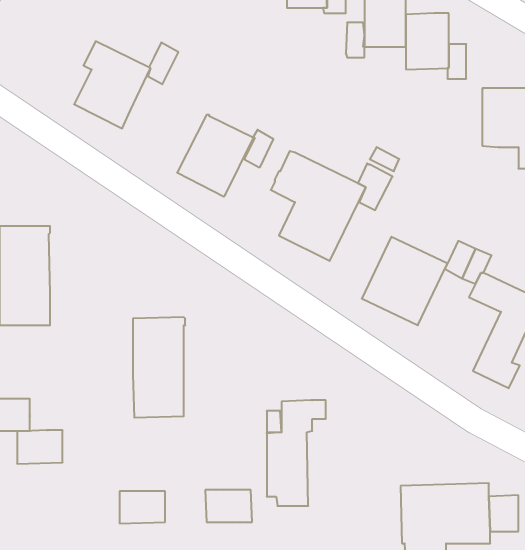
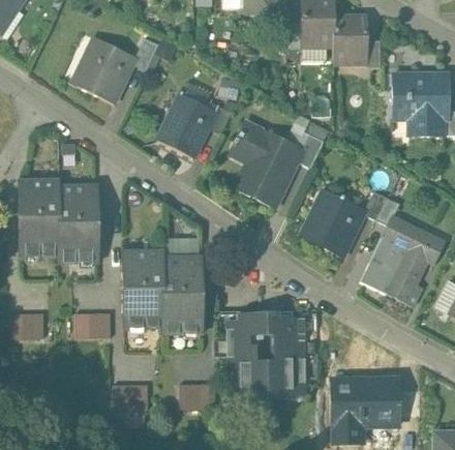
building: none -> [58,185,98,263]
building: none -> [361,235,407,292]
building: none -> [162,257,203,333]
building: none -> [266,320,304,398]
building: [17,430,63,464] -> [75,312,111,338]

